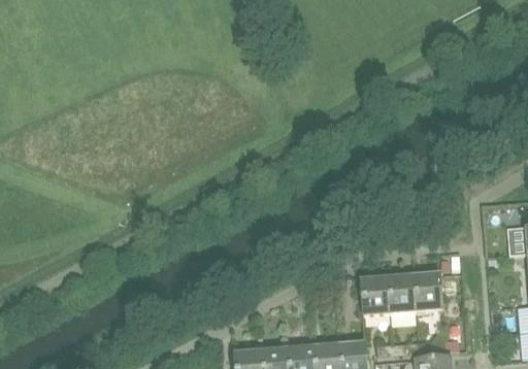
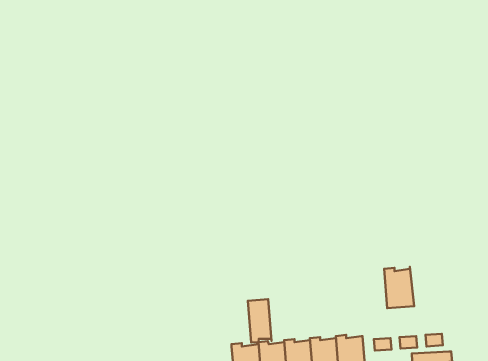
building: [411,270,442,310] -> none
building: [359,273,389,314] -> none
building: none -> [248,299,272,342]

